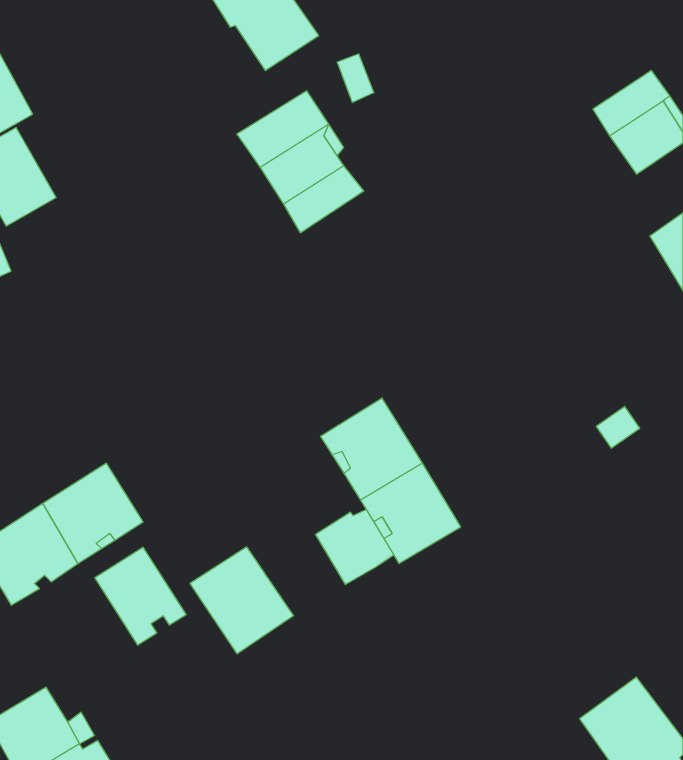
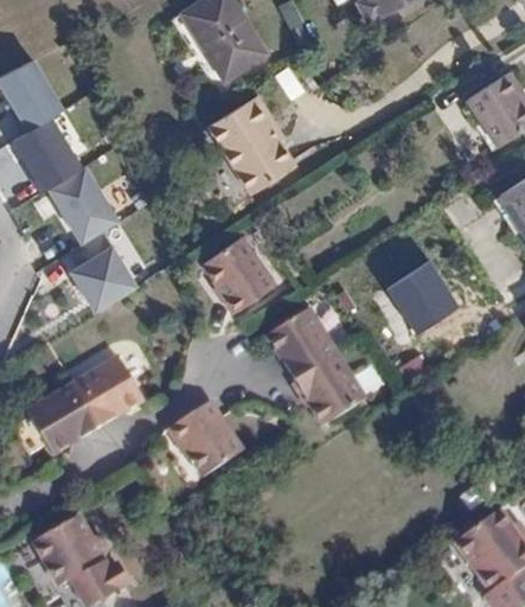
building: none -> [49,167,113,237]
building: none -> [212,236,282,311]
building: none -> [72,242,136,311]
building: none -> [385,260,454,327]
building: [315,509,394,585] -> none
building: [95,547,186,645] -> none

